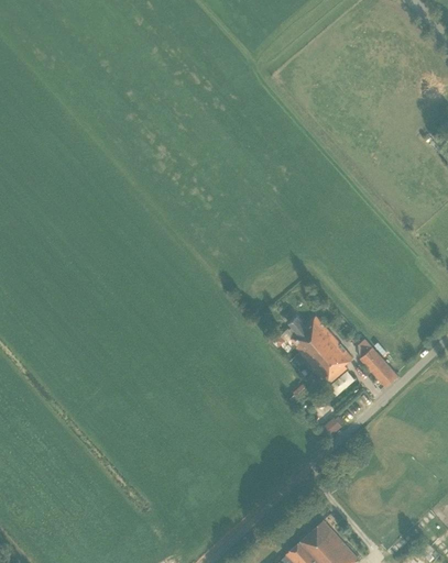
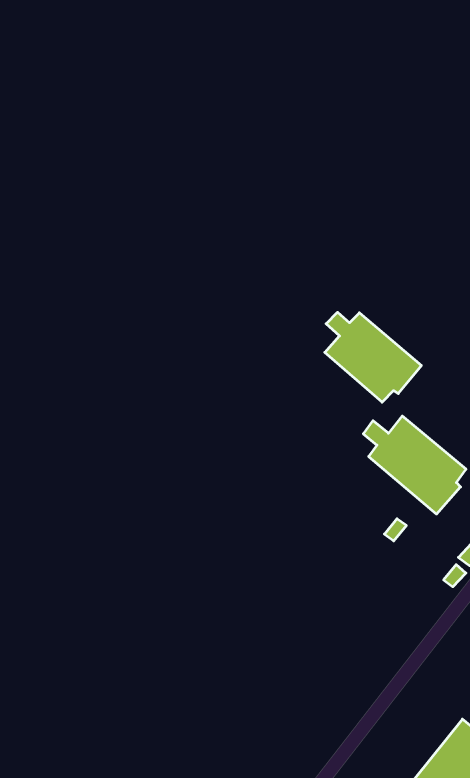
building: none -> [325,312,421,402]

